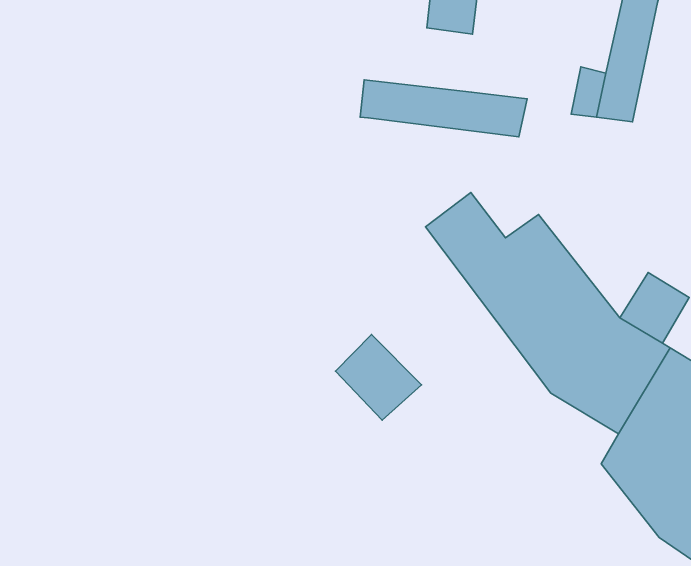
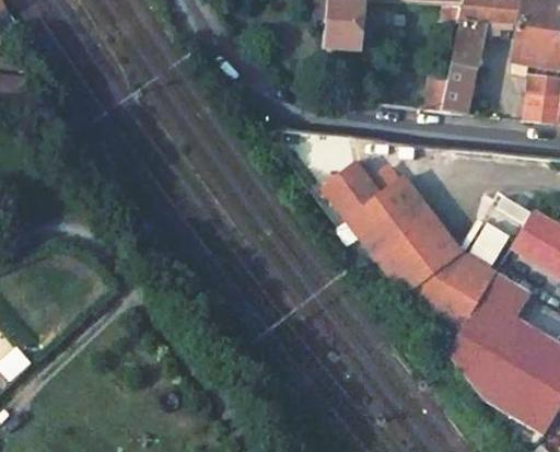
building: [360,80,527,137] -> none
building: [335,334,421,420] -> none

